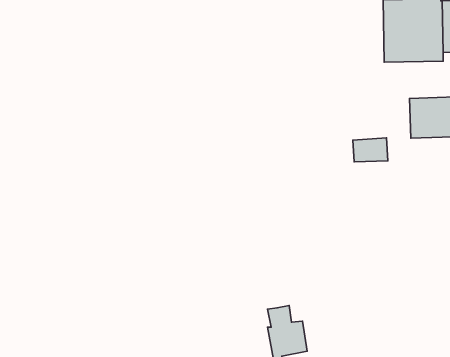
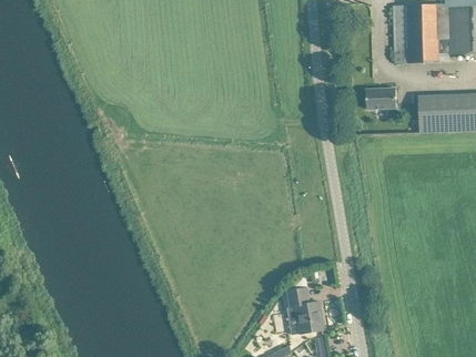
building: [353,138,388,162] -> [365,86,397,109]

